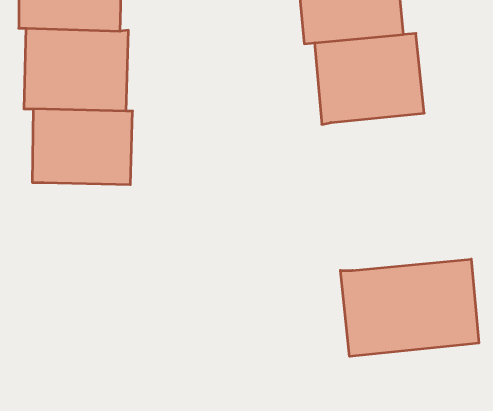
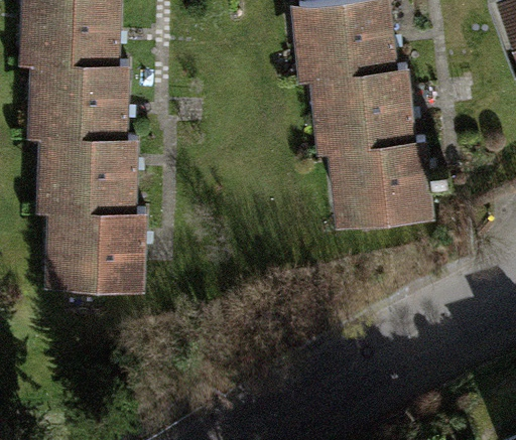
building: none -> [327,145,433,231]
building: none -> [44,213,143,293]
building: [340,259,479,356] -> none

